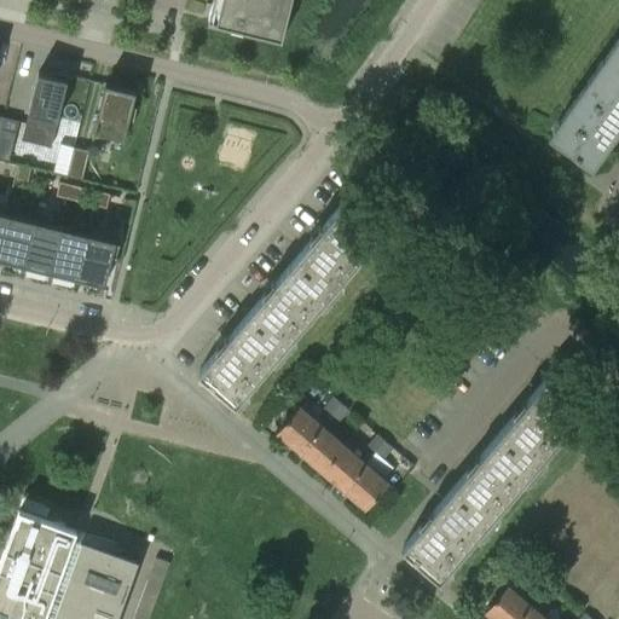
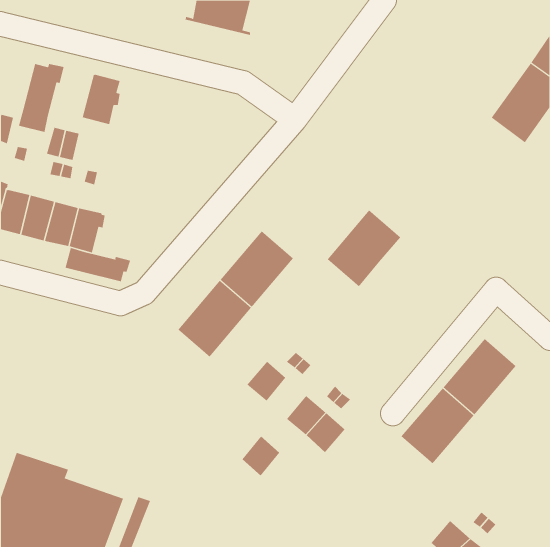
building: [294,207,377,294] -> [327,210,401,287]
building: none -> [65,247,131,282]
building: [300,428,343,474] -> [241,436,280,476]
building: [403,493,486,580] -> none

